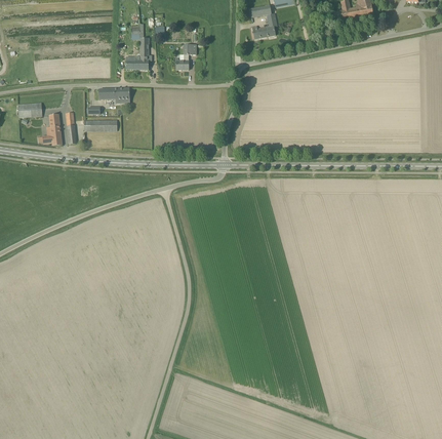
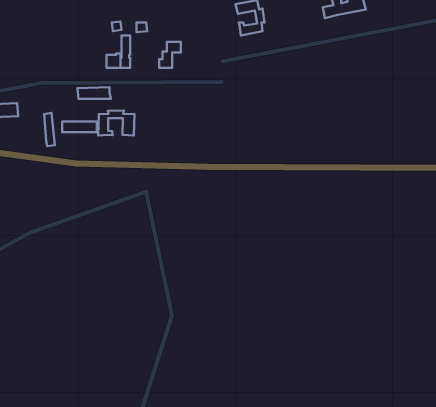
building: none -> [98,111,134,135]
building: [37,113,62,145] -> none

